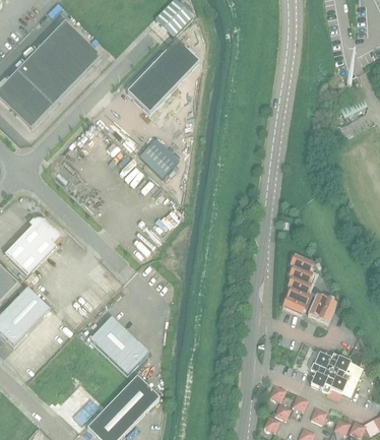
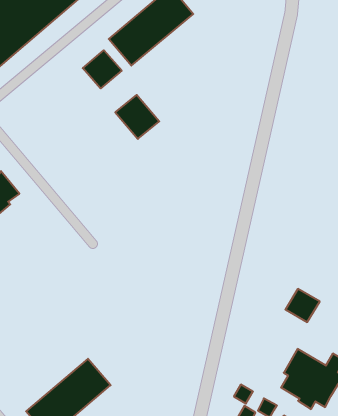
building: none -> [83,50,122,88]
building: [282,253,313,314] -> none
building: [90,317,148,374] -> none

